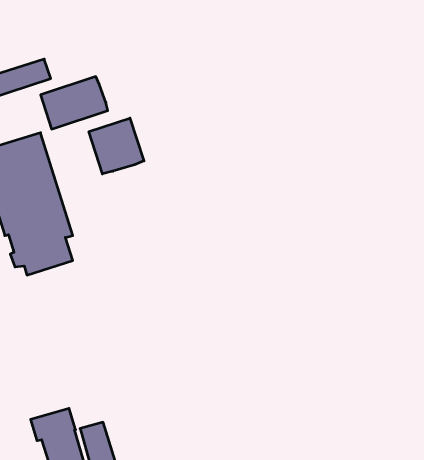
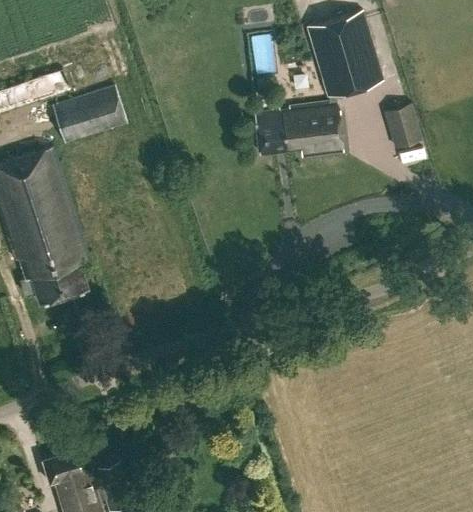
building: none -> [256,11,384,158]
building: none -> [385,104,424,148]
building: [89,118,144,174] -> none

